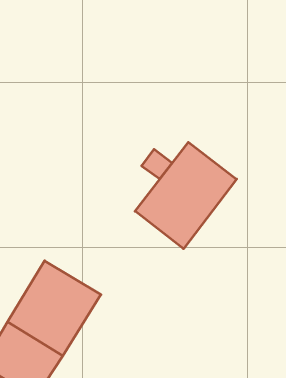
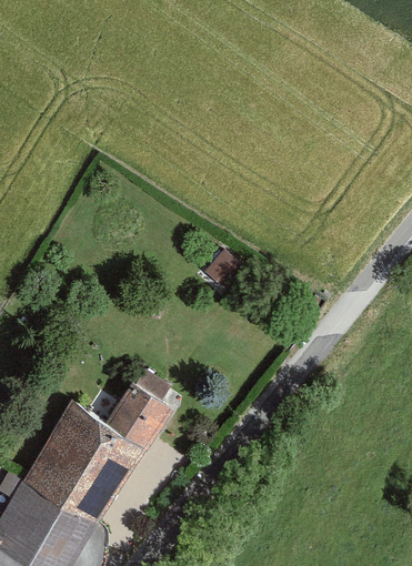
building: [135,142,237,249] -> none
building: none -> [110,376,171,446]

